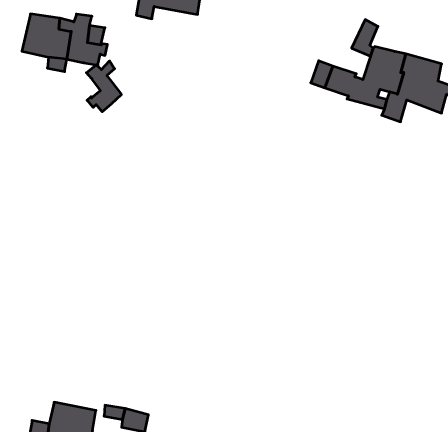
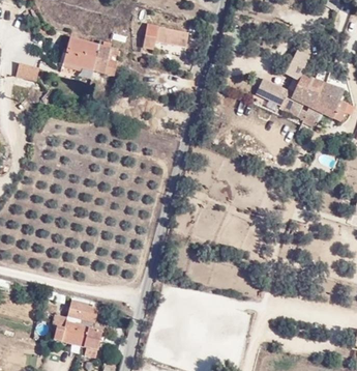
building: [86,61,121,112] -> none

